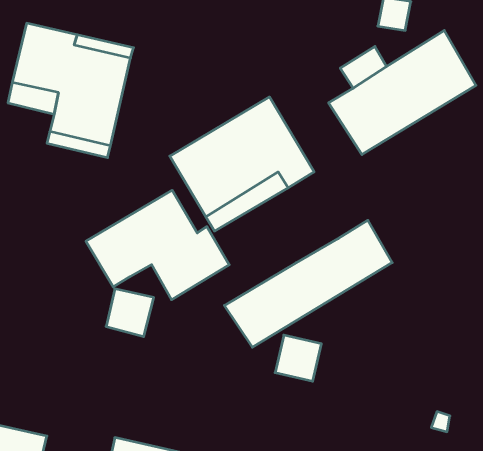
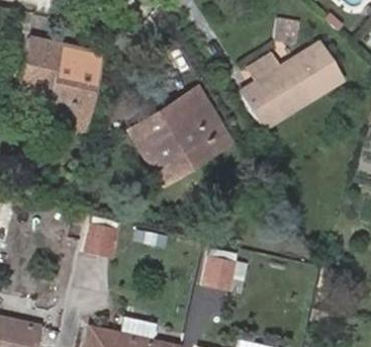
building: [86,190,229,300] -> none
building: [224,220,392,347] -> none

